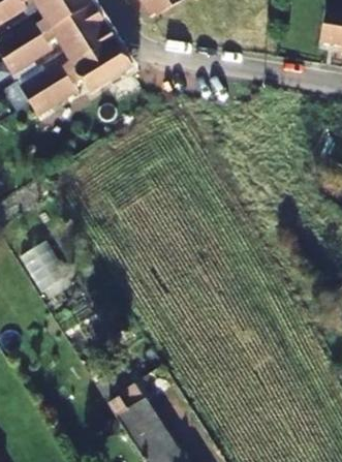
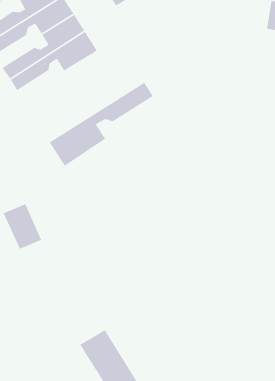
building: none -> [49,82,154,167]

